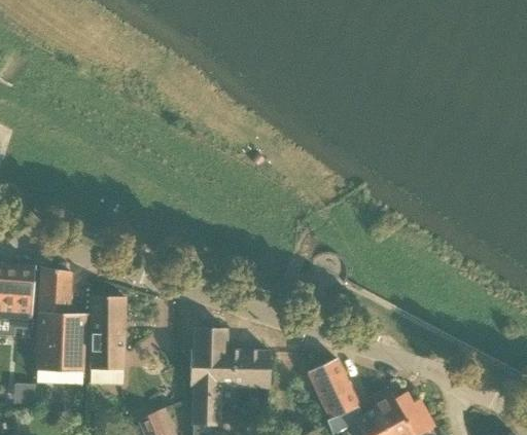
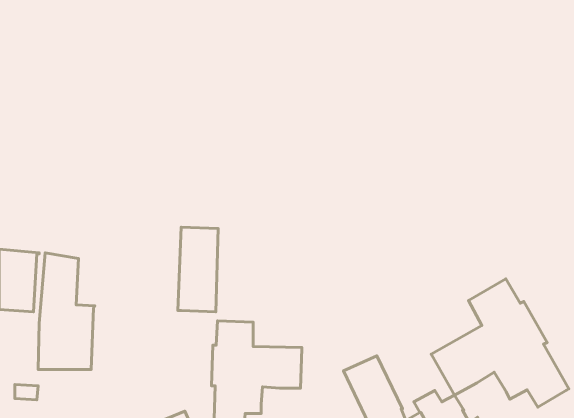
building: none -> [431,279,569,407]
building: [90,295,126,370] -> [178,227,218,312]

